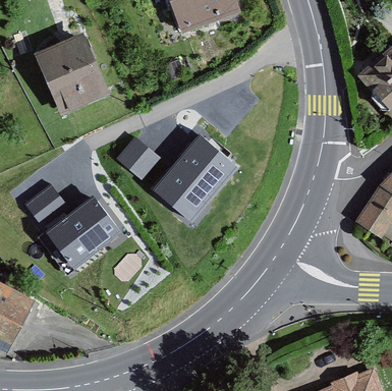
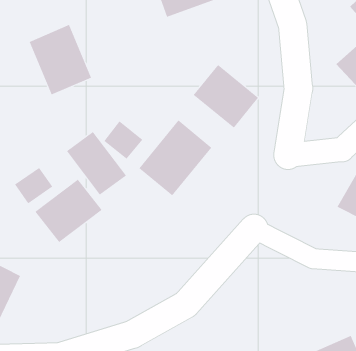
building: none -> [193,64,259,129]
building: none -> [66,131,127,195]

